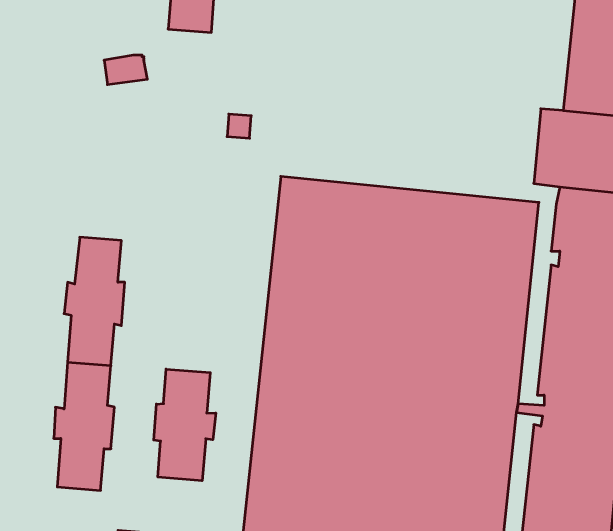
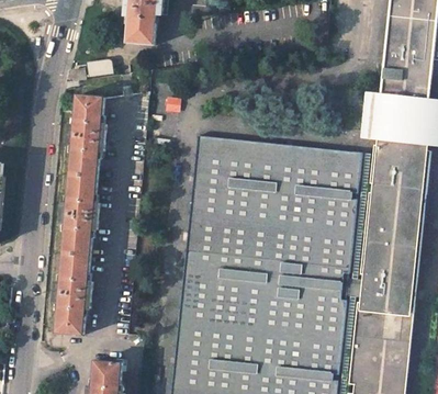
building: none -> [67,95,106,177]
building: [154,369,216,481] -> none

